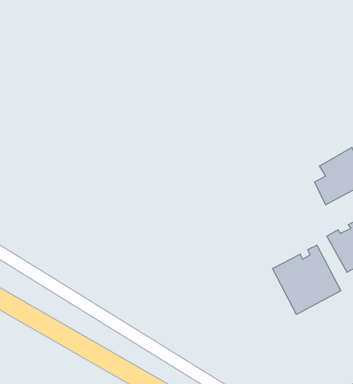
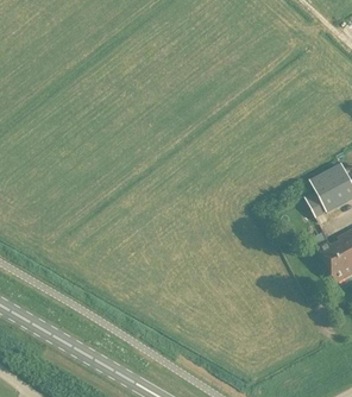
building: [273,245,341,314] -> none

